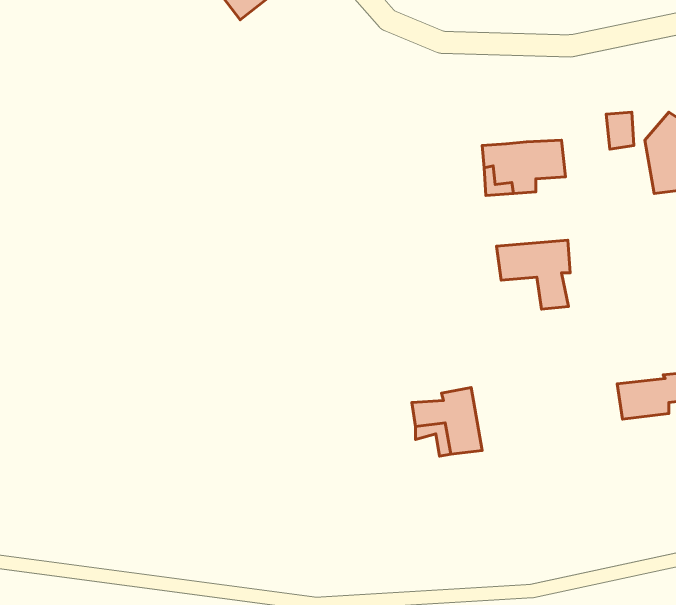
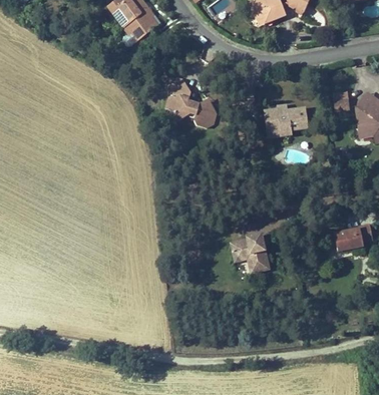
building: none -> [165,74,218,125]
building: [496,240,570,309] -> none

